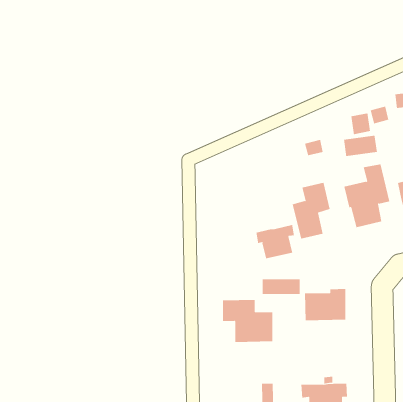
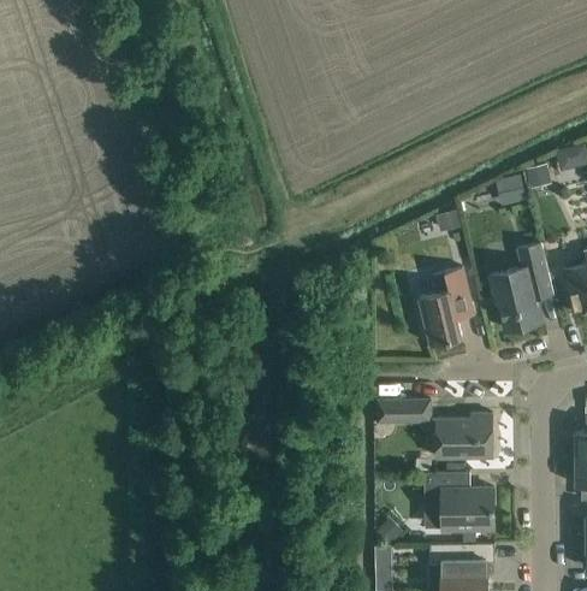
building: [343,135,377,157] -> none
building: [256,224,295,259] -> none
building: [222,299,273,342] -> [425,472,494,531]

